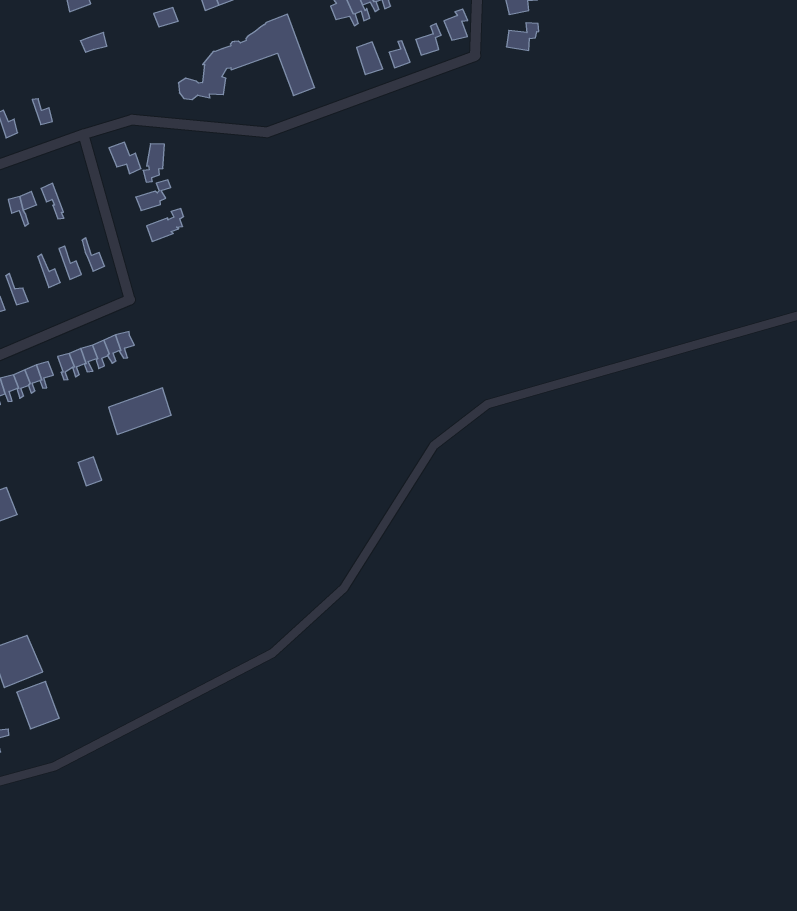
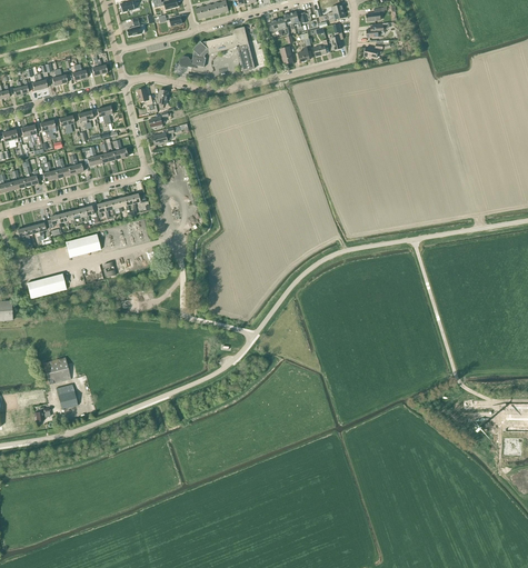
building: [109,388,171,434] -> [64,233,99,257]

